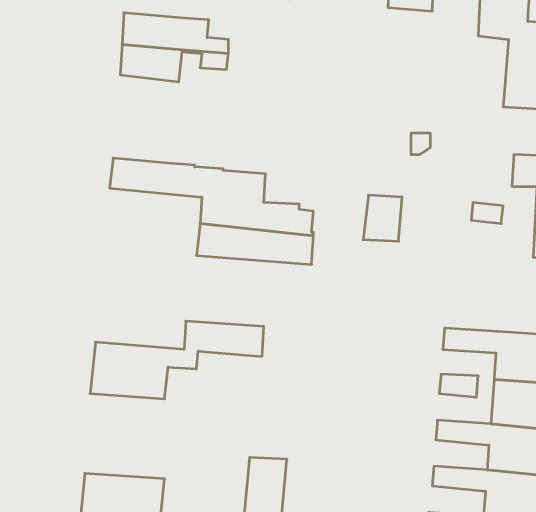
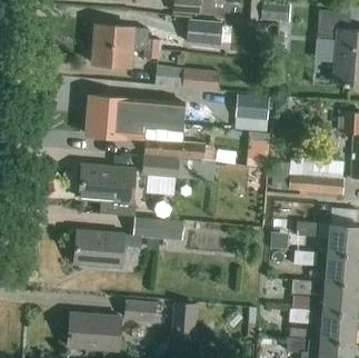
building: none -> [187,21,222,47]
building: none -> [156,66,221,91]
building: none -> [89,96,183,125]
building: none -> [236,96,269,120]
building: none -> [272,158,345,197]
building: none -> [80,165,134,217]
building: none -> [124,300,157,324]

